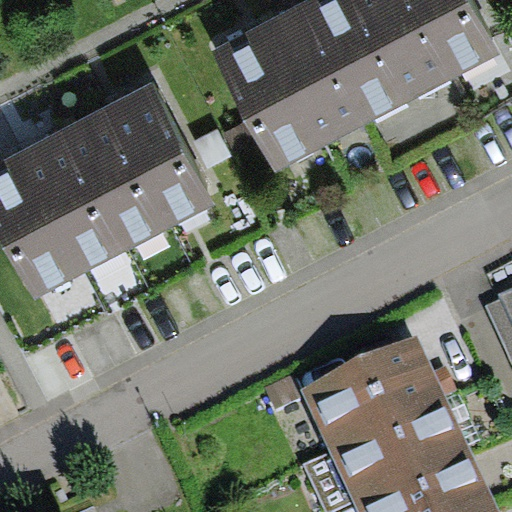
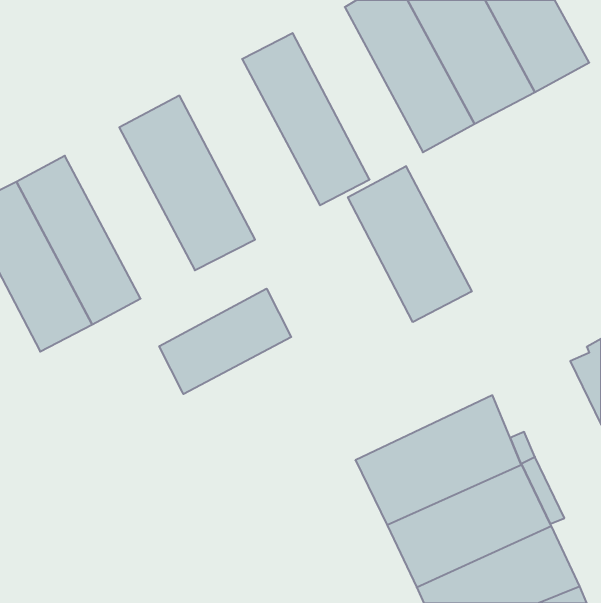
building: [248,6,358,152] -> none
building: [55,108,165,253] -> none
building: none -> [348,166,472,322]
building: none -> [159,289,291,394]

